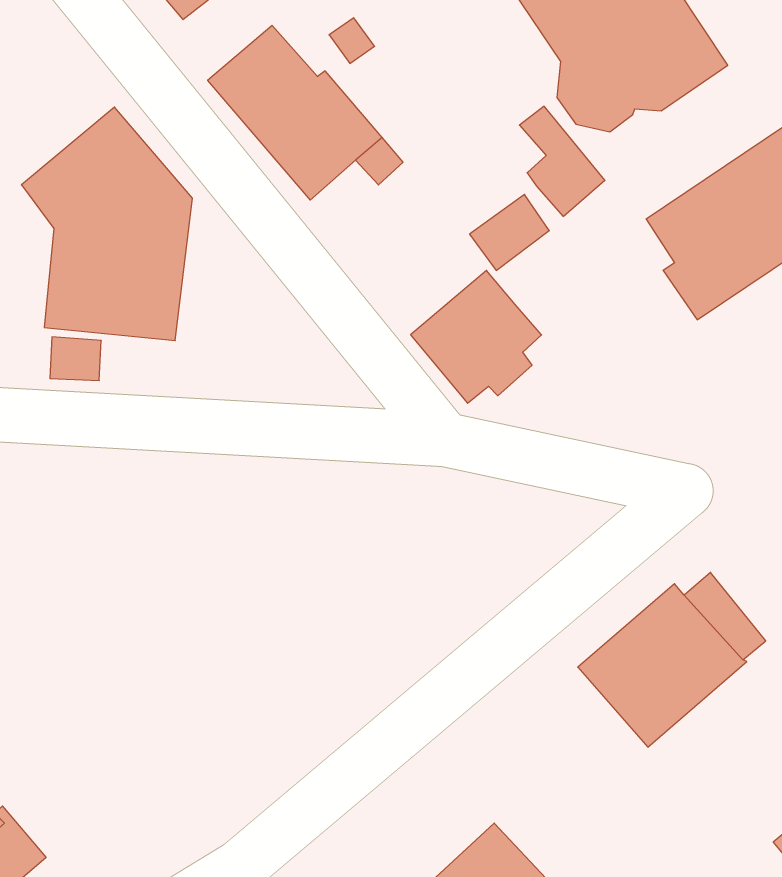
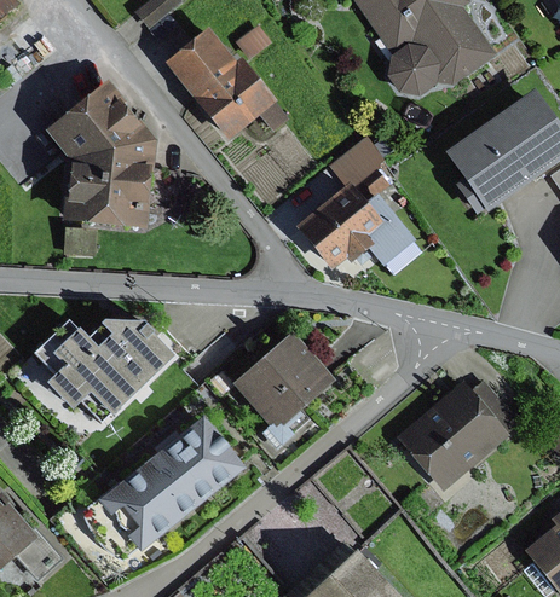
building: [519,106,605,216] -> [360,193,415,263]
building: none -> [45,321,173,419]
building: none -> [231,331,335,427]
building: none -> [98,416,244,550]

